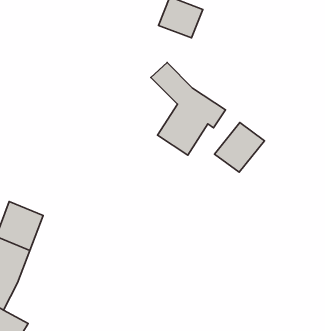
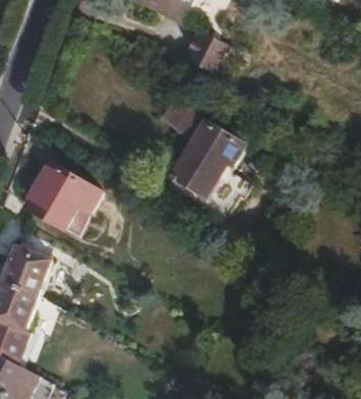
building: [214,123,264,172] -> none
building: none -> [25,163,101,229]

